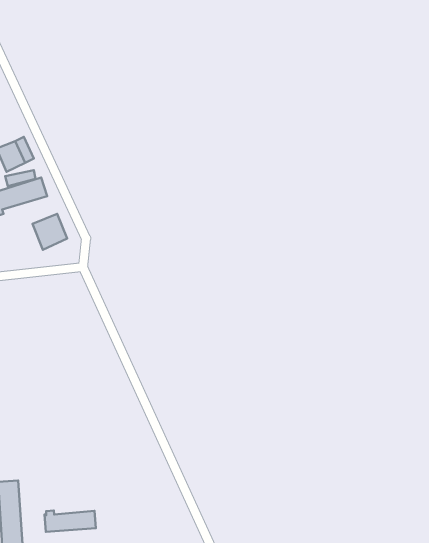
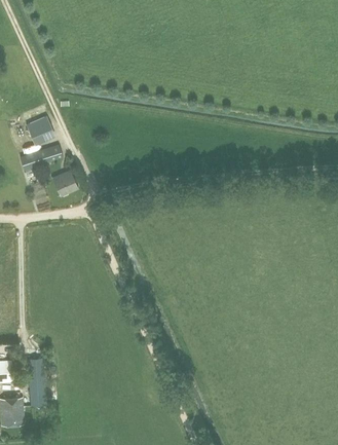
building: [45,511,96,532] -> none

